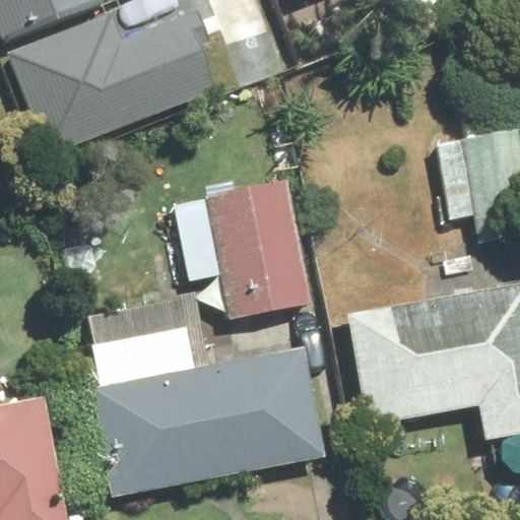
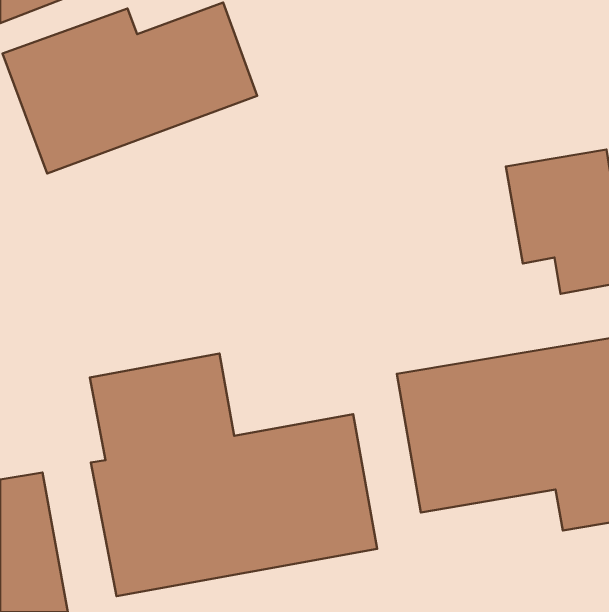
building: [175,180,315,322] -> none

